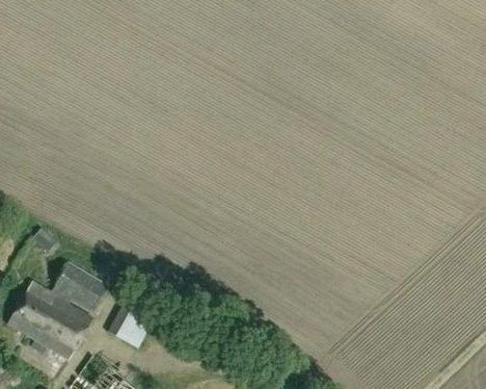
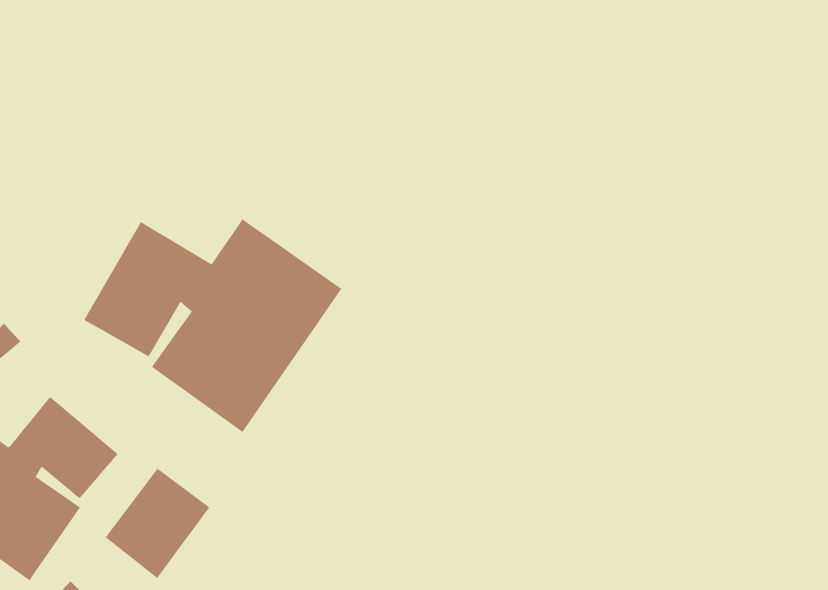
building: none -> [84,219,342,433]

